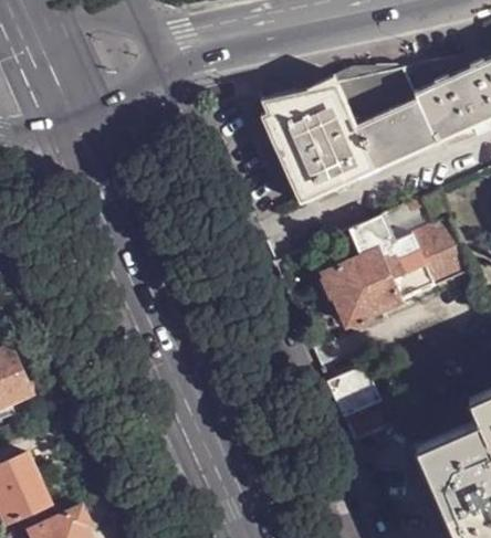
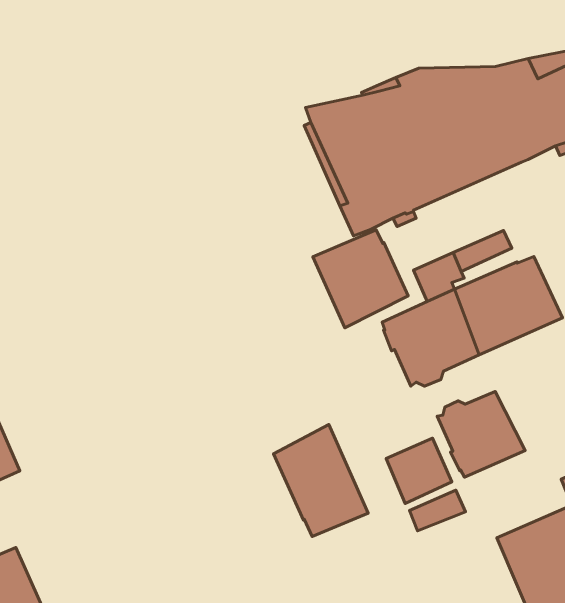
building: none -> [313,230,408,328]
building: none -> [437,391,525,477]
building: none -> [274,425,368,536]

